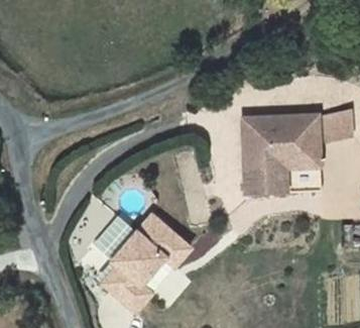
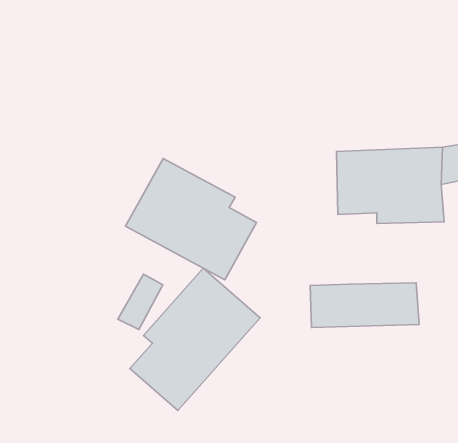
building: none -> [126,158,256,280]
building: [246,167,320,197] -> [310,283,419,328]

